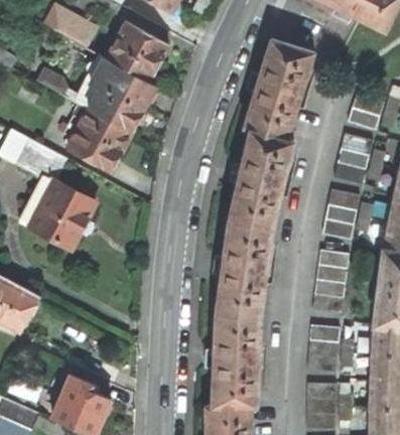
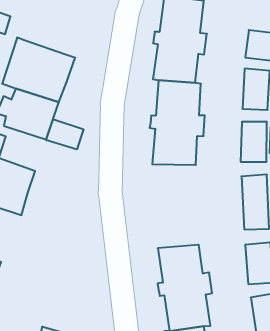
building: [109,23,172,84] -> none
building: none -> [46,119,83,149]
building: [214,220,274,316] -> none

